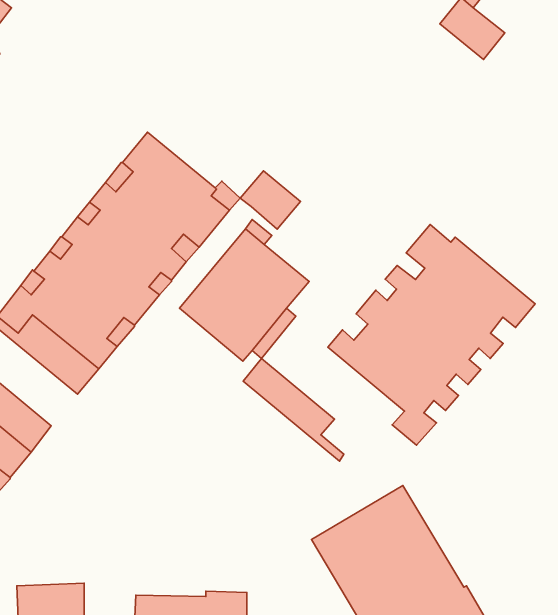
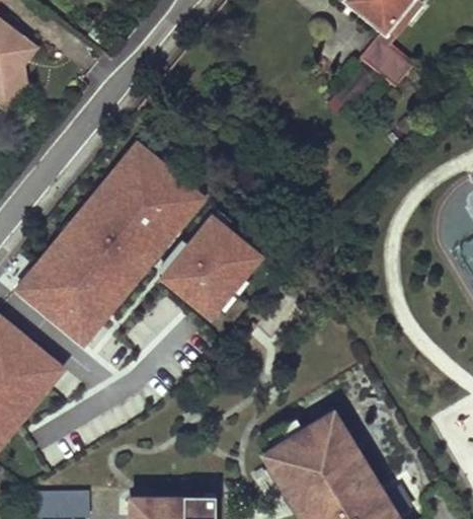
building: [240,171,300,229] -> none
building: [328,224,535,445] -> none
building: [243,358,344,461] -> none

